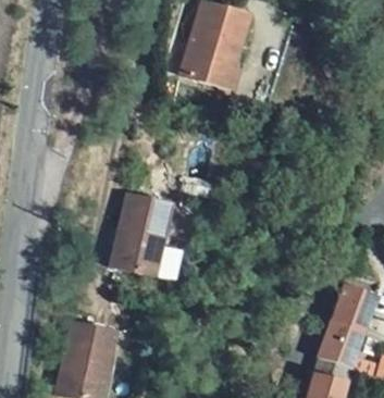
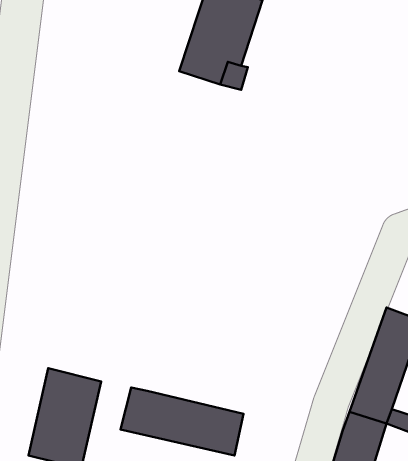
building: [110,192,179,278] -> none
building: none -> [120,387,243,455]

